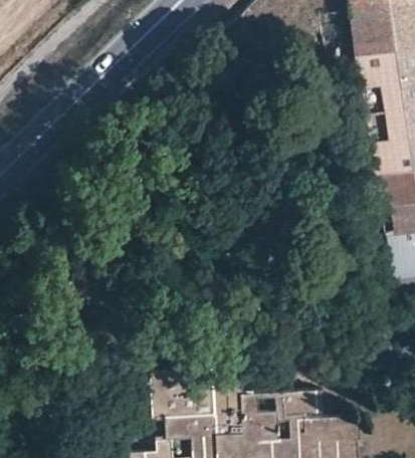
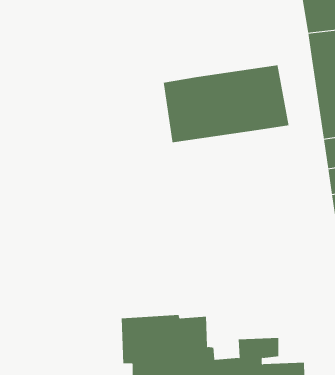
building: none -> [163,64,289,143]

